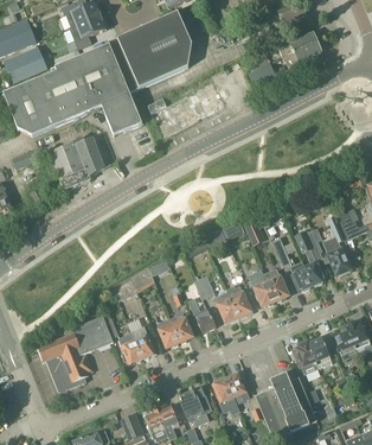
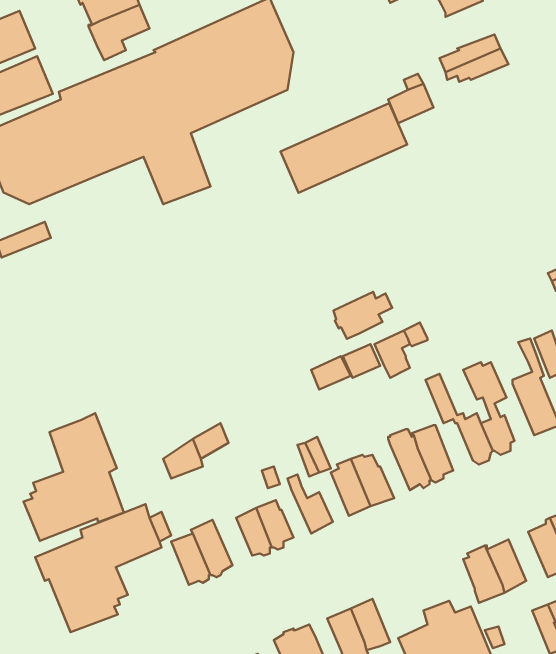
building: none -> [280,103,407,193]
building: [50,135,103,190] -> none
building: none -> [333,292,392,339]
building: none -> [23,413,124,541]

